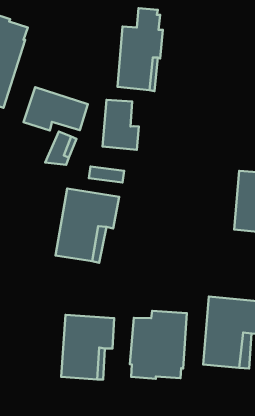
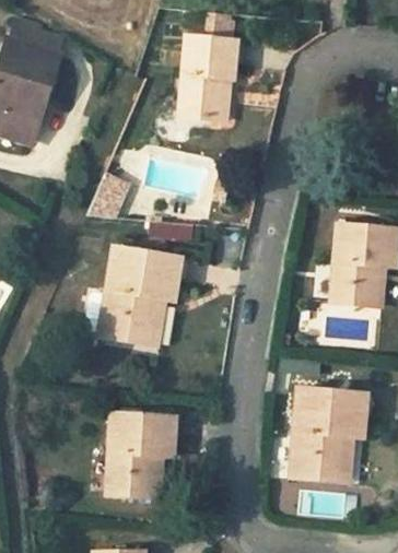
building: [23,87,88,131] -> none
building: [102,100,139,150] -> none
building: [130,311,187,379] -> none

